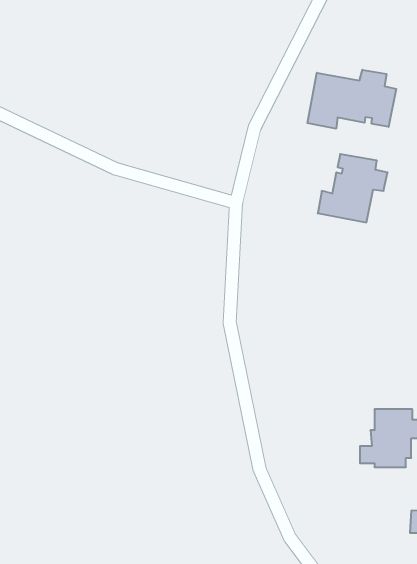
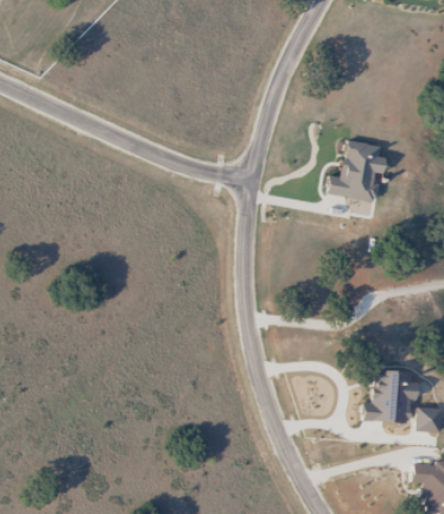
building: [307,70,396,129] -> none

